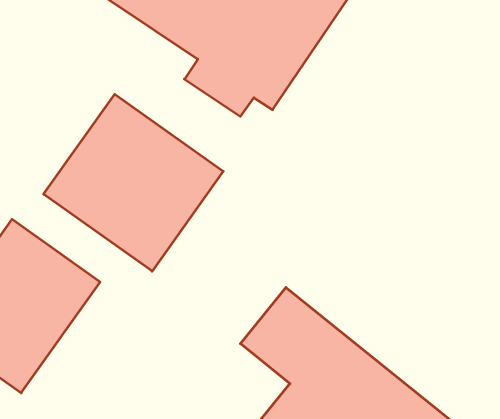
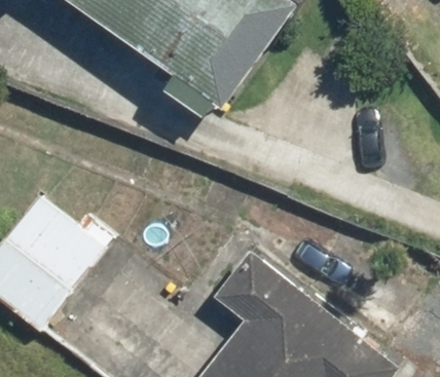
building: [44,94,223,271] -> none

